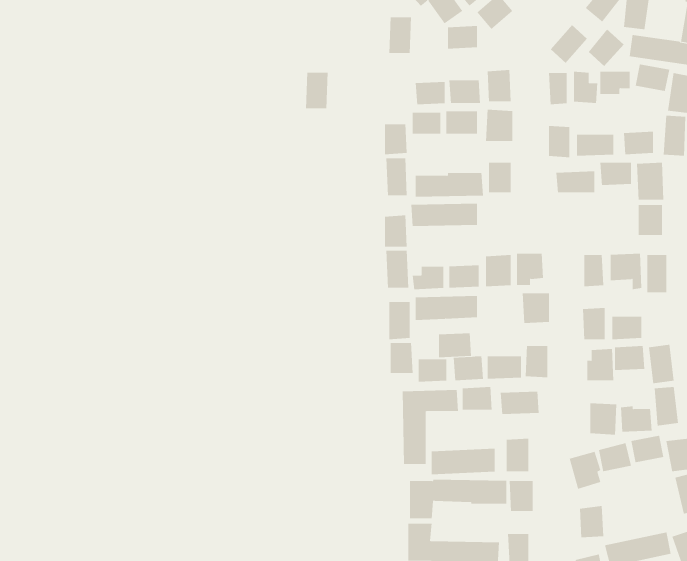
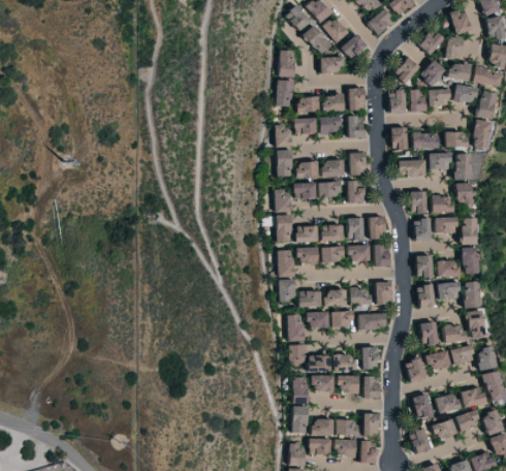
building: [305,72,329,109] -> [278,81,294,106]
building: none -> [347,181,366,203]
building: none -> [410,191,451,214]
building: none -> [461,247,477,275]
building: [438,333,472,358] -> [347,245,371,262]
building: none -> [435,387,483,413]

